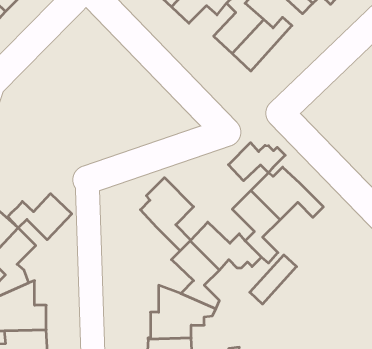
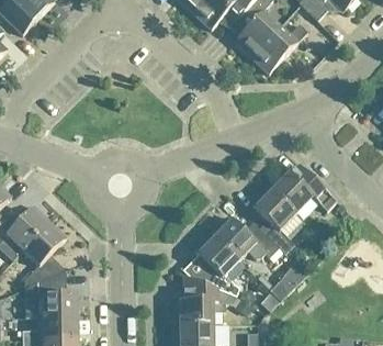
building: [228,143,285,181] -> none
building: [140,178,194,251] -> none
building: [8,194,72,240] -> none

